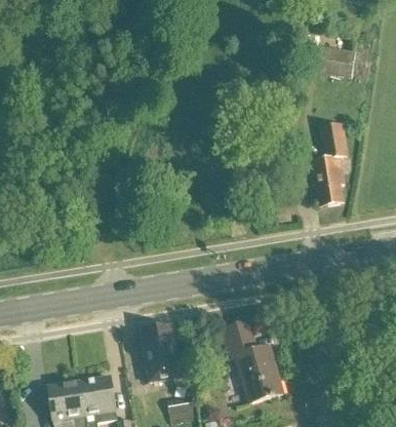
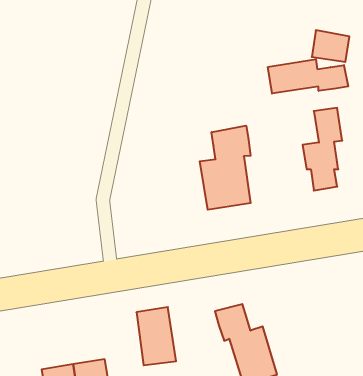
building: none -> [268,59,348,94]
building: none -> [200,126,251,210]

